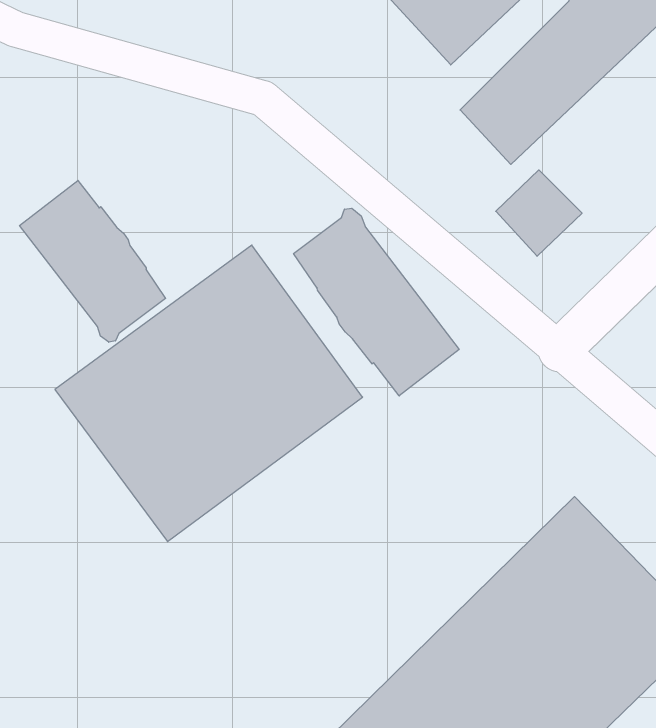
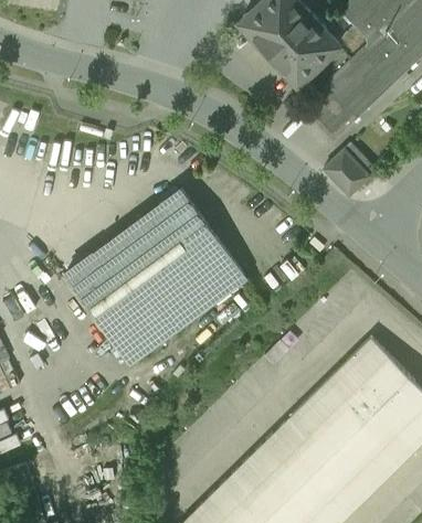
building: [20,180,166,342] -> none
building: [294,208,459,396] -> none

